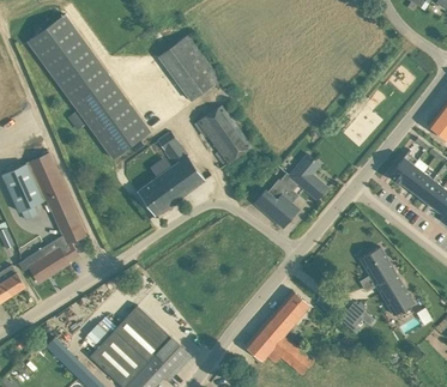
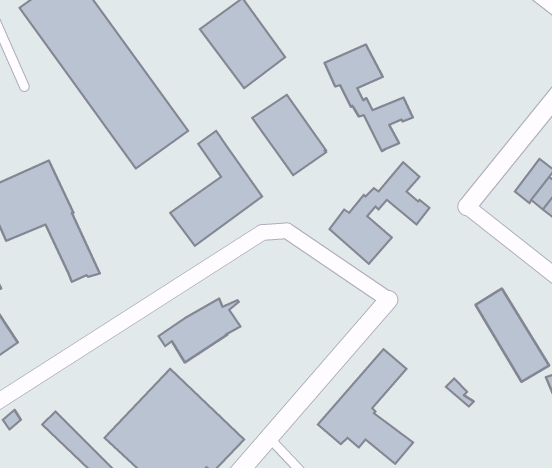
building: none -> [325,45,413,151]
building: [18,236,78,283] -> [159,298,241,362]

